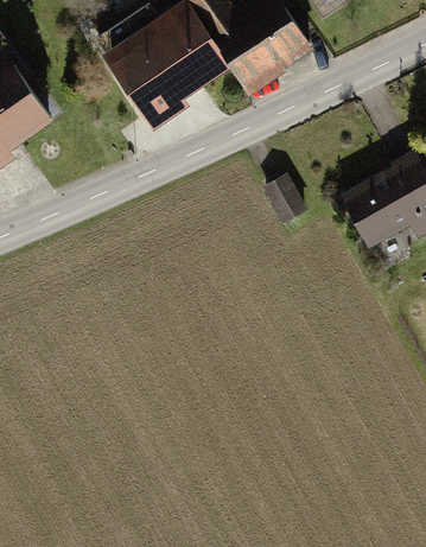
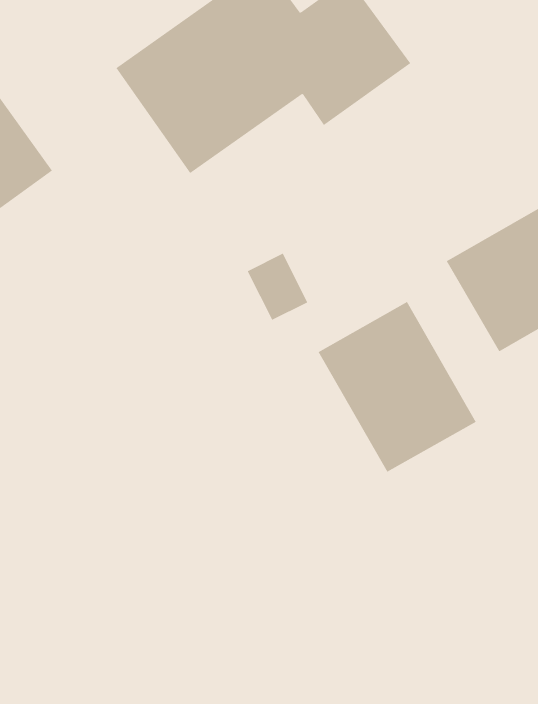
building: [260,174,304,223] -> [247,253,308,321]
building: none -> [318,301,477,472]

